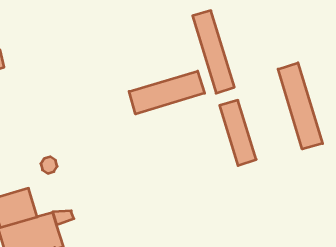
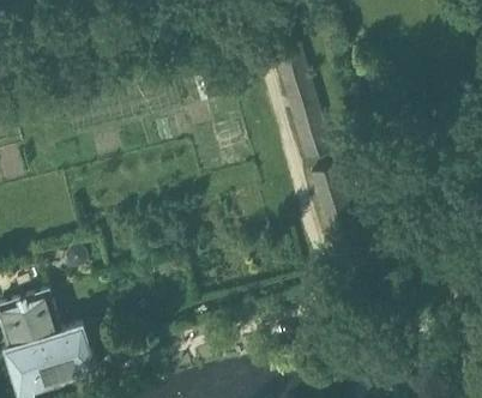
building: [278,63,323,149] -> none
building: [129,71,205,114] -> none

